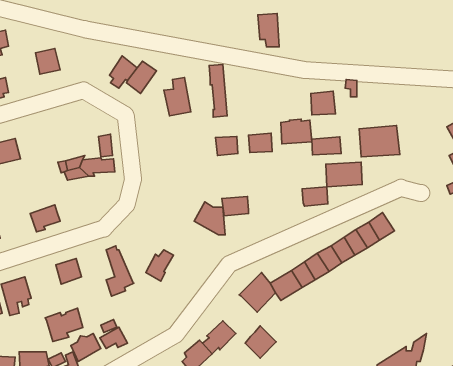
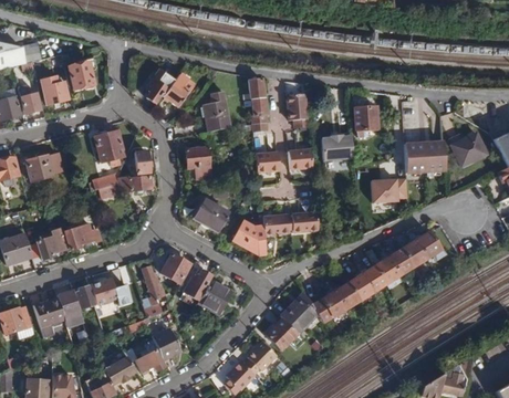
building: [258,14,279,47] -> [289,93,311,127]
building: none -> [43,80,71,104]
building: none -> [95,128,126,161]
building: none -> [450,133,486,166]
building: none -> [186,147,212,178]
building: [312,137,341,155] -> none
building: none -> [194,198,228,231]
building: [302,187,328,206] -> [292,211,319,231]
building: none -> [38,232,69,259]
building: none -> [160,252,191,283]
building: none -> [198,279,232,314]
building: none -> [153,327,183,359]
building: [45,308,83,342] -> [58,284,96,318]
building: [245,326,276,358] -> [267,316,299,349]

